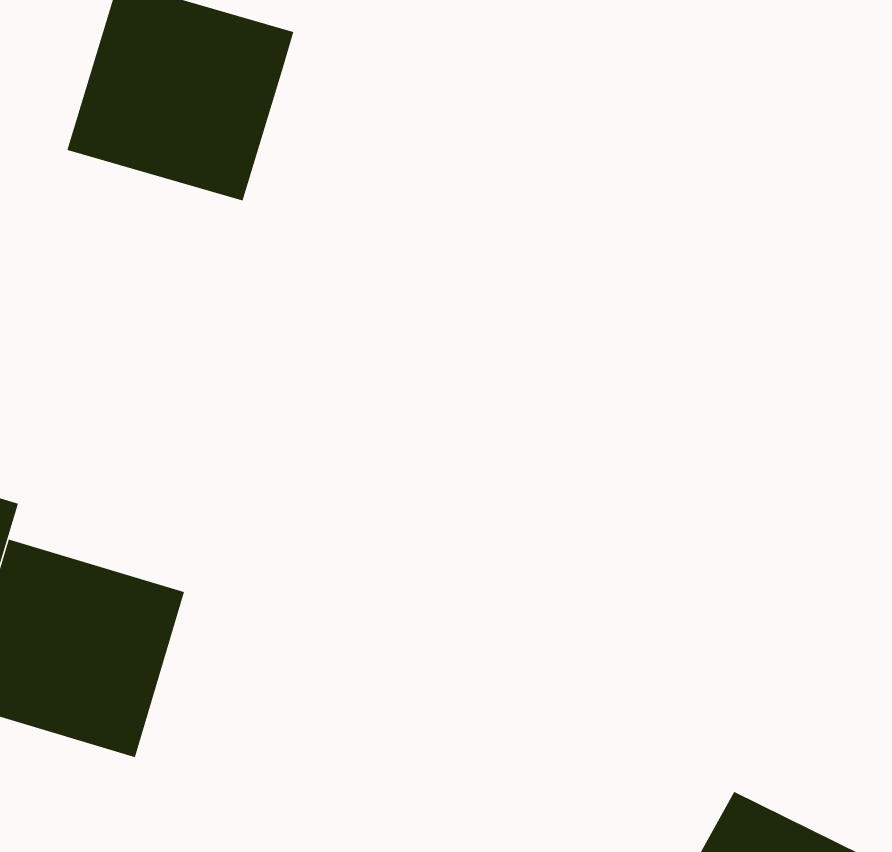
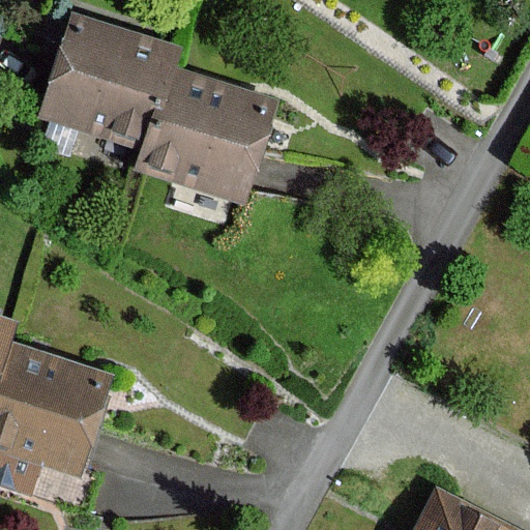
building: none -> [140,67,272,196]

